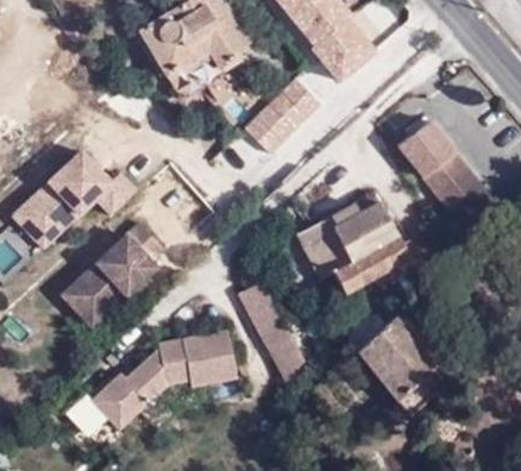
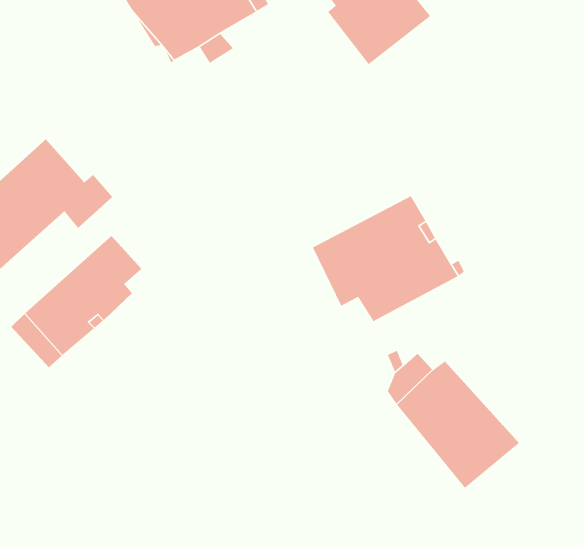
building: [245,78,322,156] -> none
building: [397,121,491,224] -> none
building: [240,282,301,383] -> none
building: [88,329,233,427] -> none

